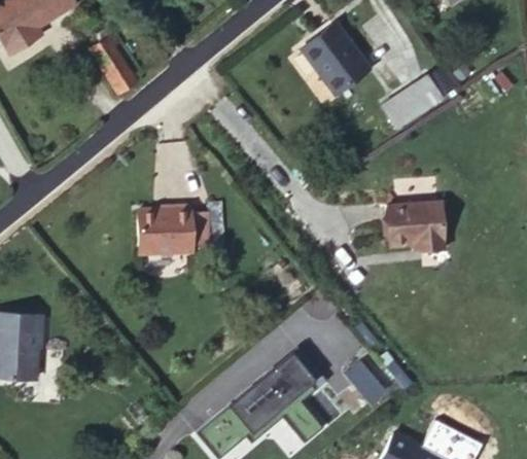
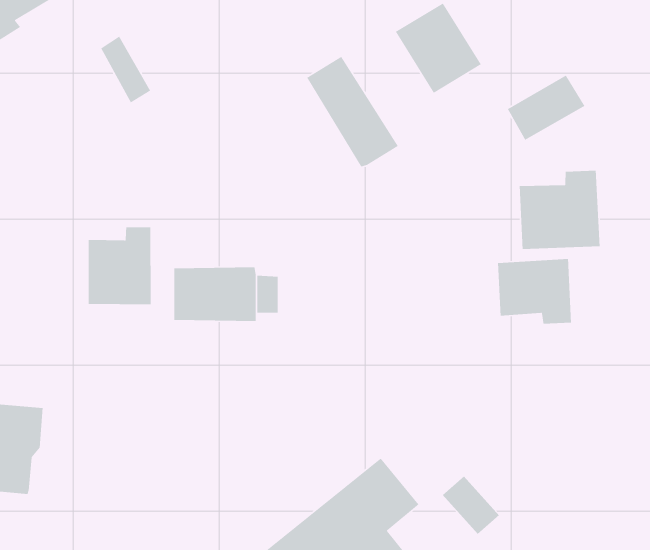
building: none -> [306,56,399,168]
building: none -> [519,170,601,250]
building: none -> [88,227,151,305]

